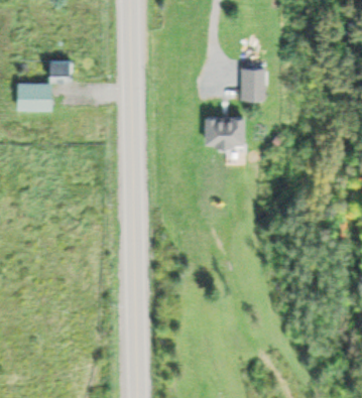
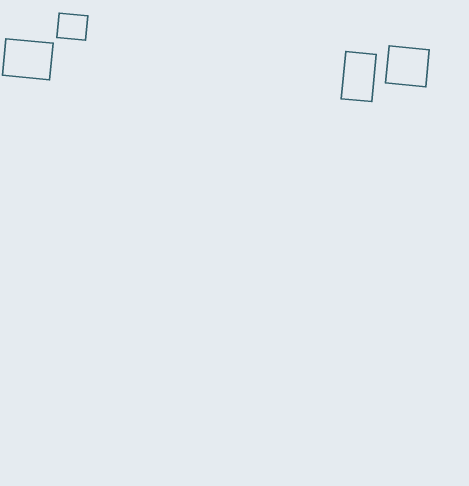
building: none -> [385,46,429,87]
building: [208,118,245,144] -> none

